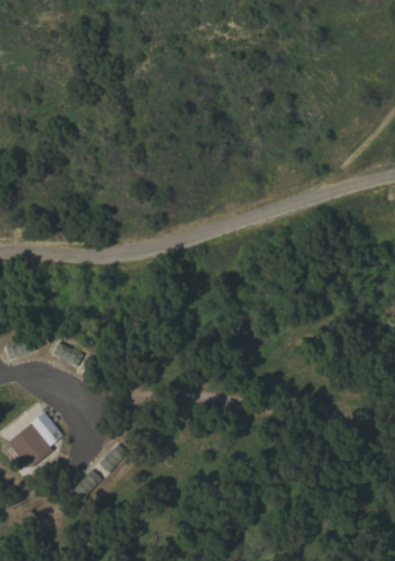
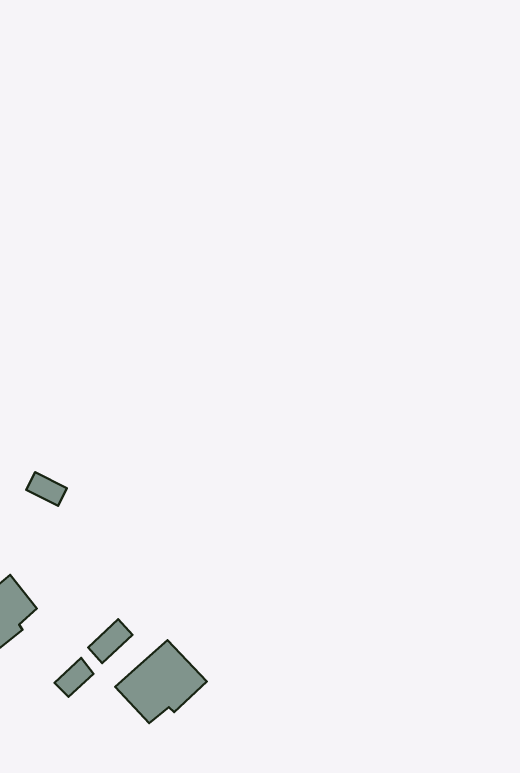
building: none -> [115,640,207,723]

